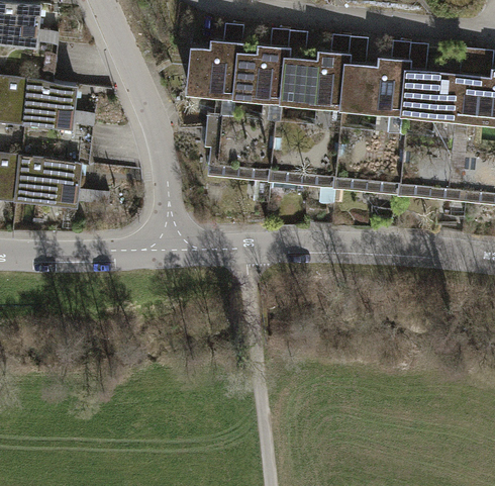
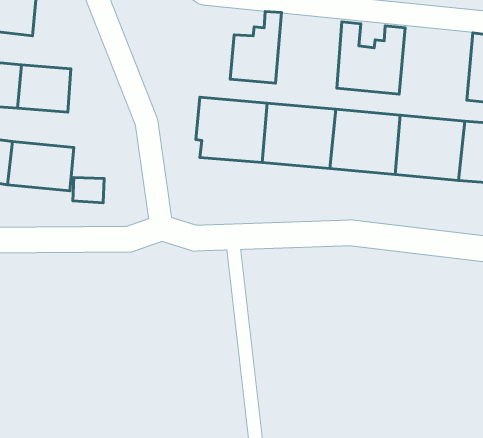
building: [186,26,242,99] -> none
building: [282,32,349,108] -> none
building: [406,47,480,120] -> none

